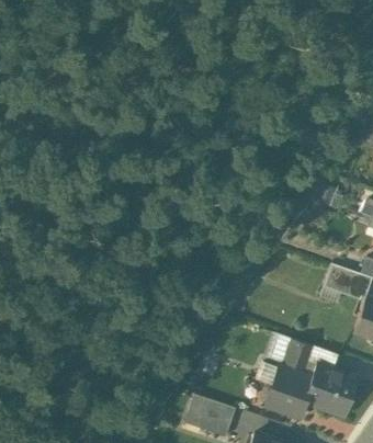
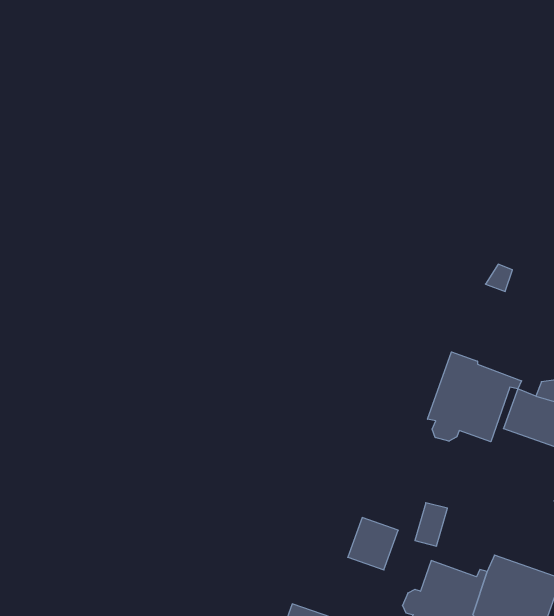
building: none -> [428,352,522,442]
building: [285,341,316,373] -> [348,518,398,570]

